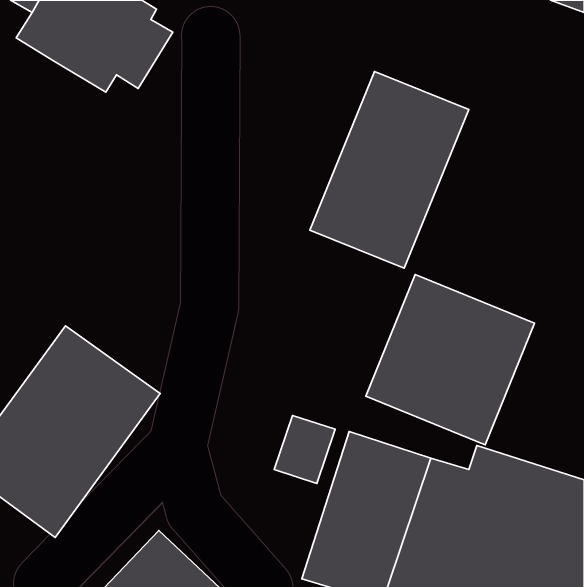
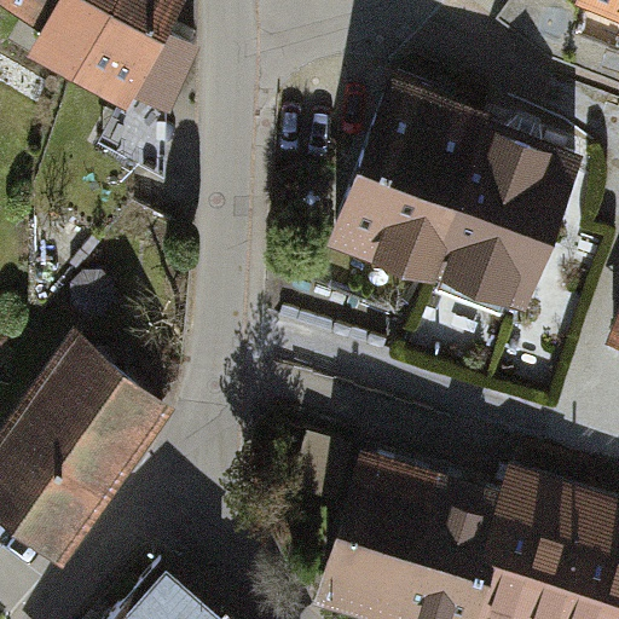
building: none -> [424,116,590,323]
building: [366,275,535,445] -> none

